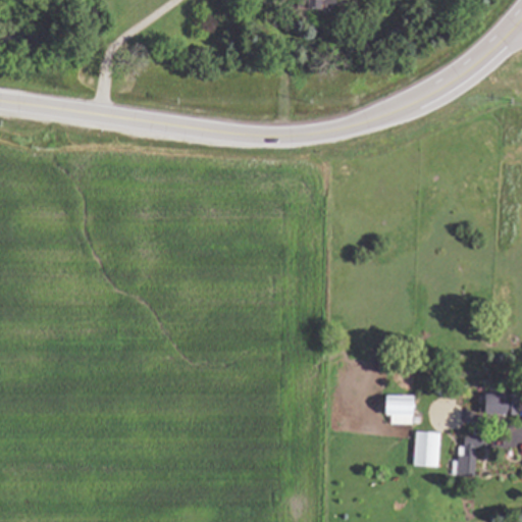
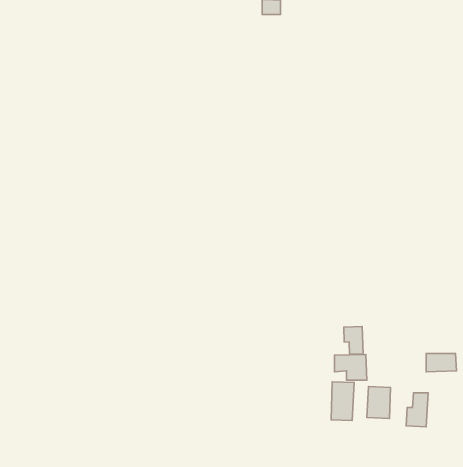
building: none -> [344,327,363,354]
building: none -> [331,382,354,421]

